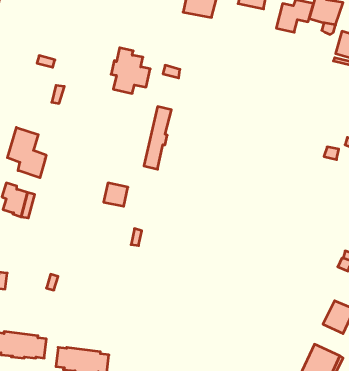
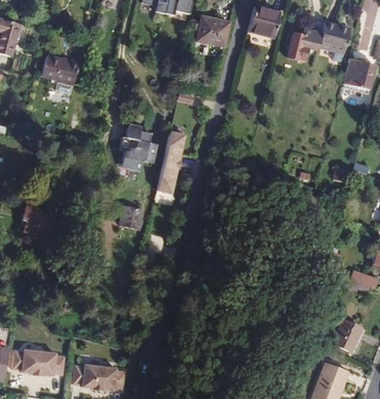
building: none -> [41,54,78,84]
building: [111,48,150,93] -> [119,124,157,168]
building: [7,127,46,178] -> none

